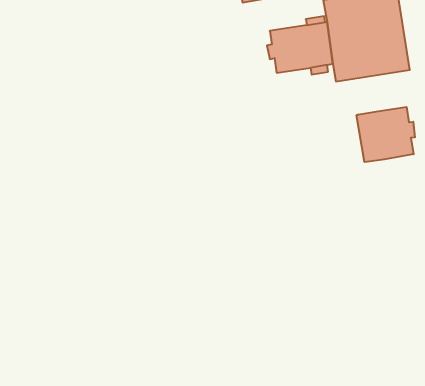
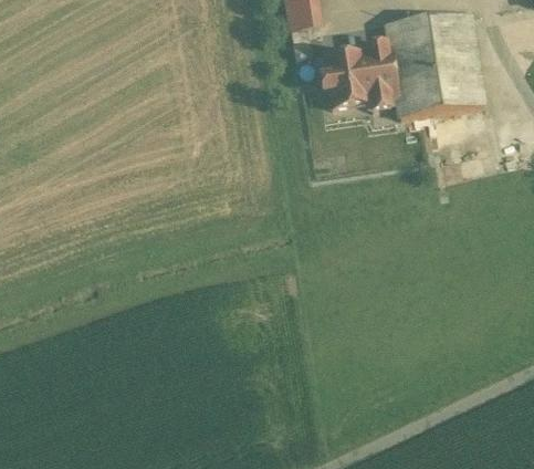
building: [357,107,415,162] -> none

